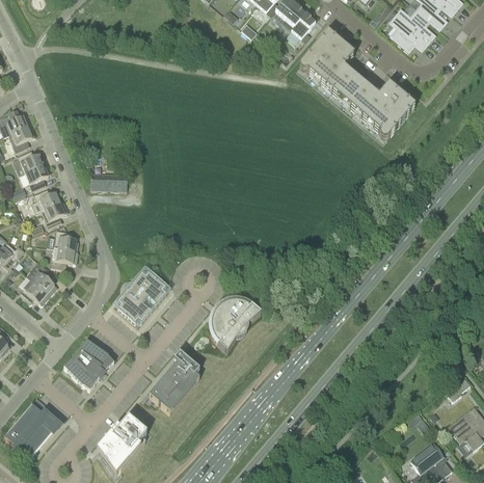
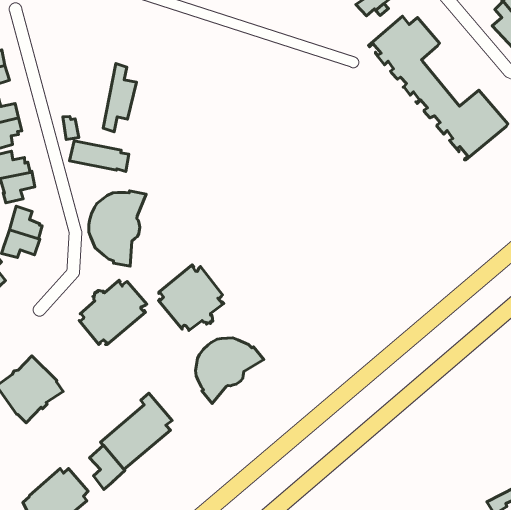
building: none -> [103,63,136,132]
building: none -> [89,191,146,266]
building: none -> [158,265,224,330]
building: none -> [89,445,125,489]

